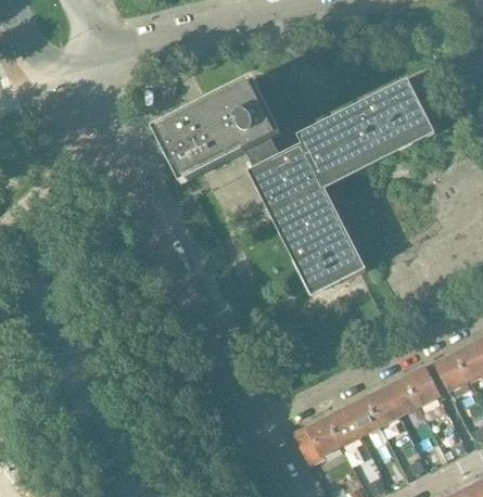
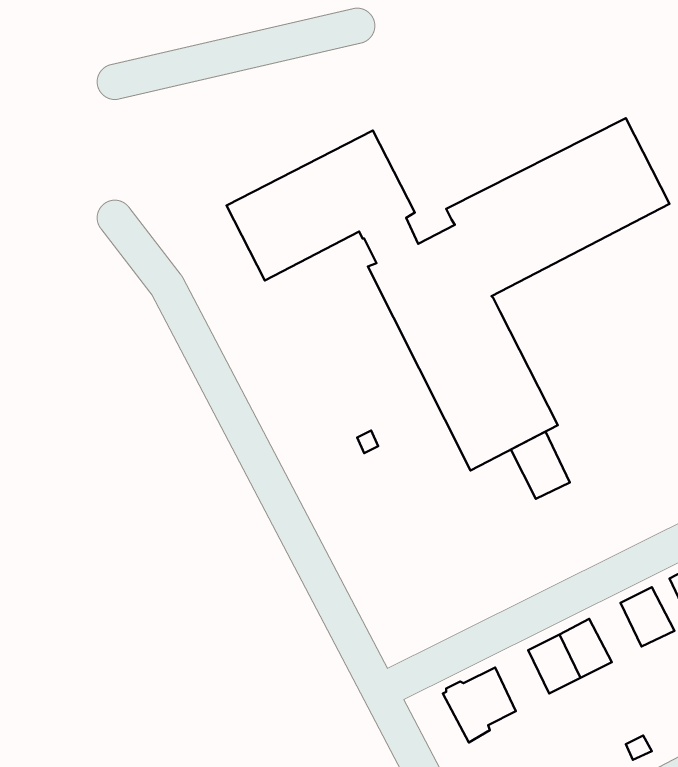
building: none -> [511,432,570,499]
building: [384,378,417,415] -> none
building: [326,407,359,445] -> none

